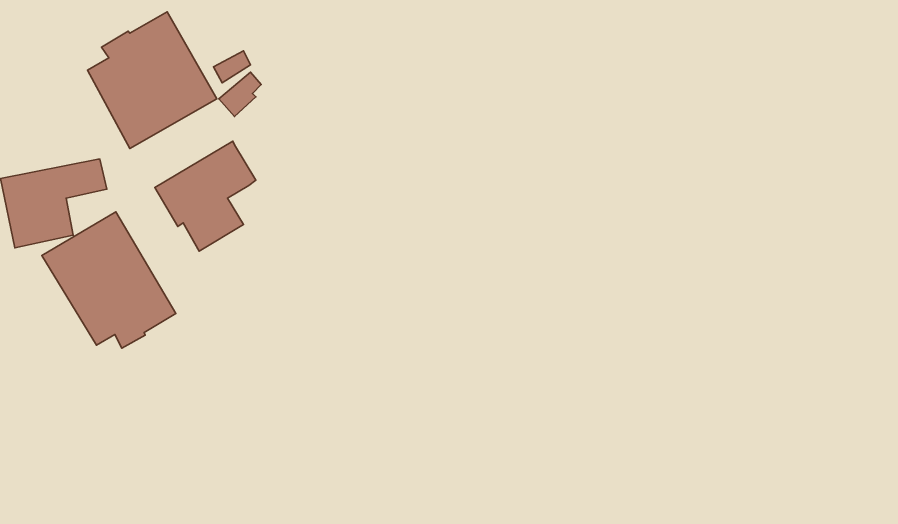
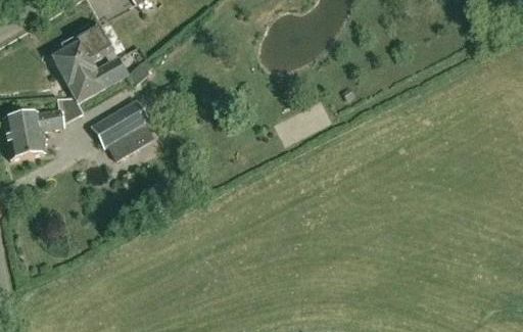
building: [42,212,176,348] -> none

